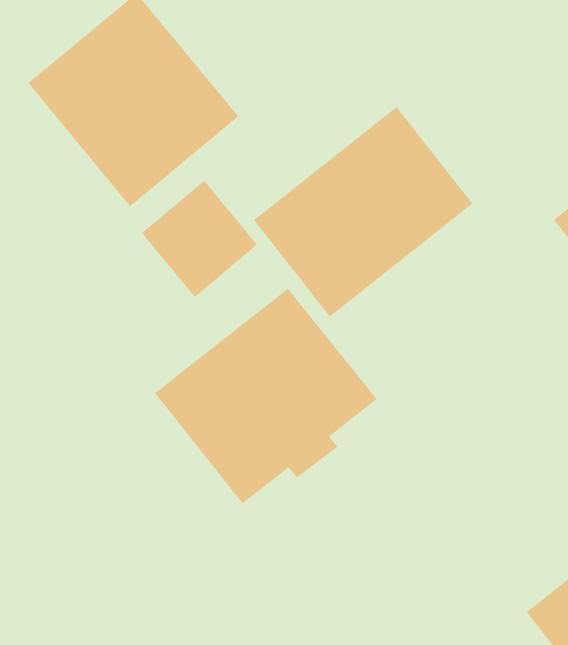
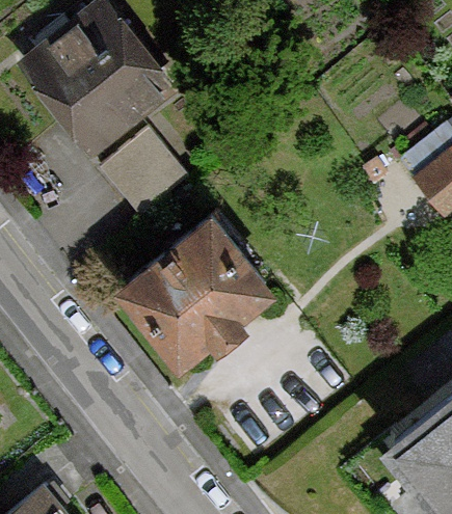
building: [253,106,473,317] -> none

